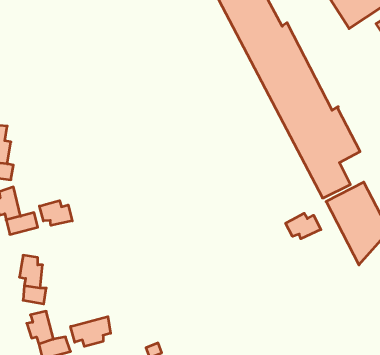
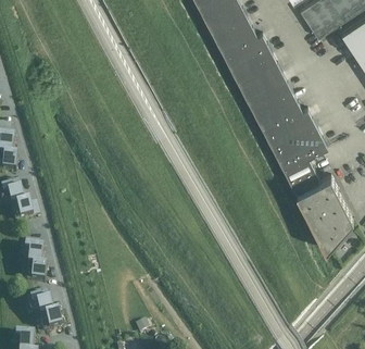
building: [39,201,72,225] -> none
building: [286,213,321,239] -> none
building: [71,317,111,346] -> none

